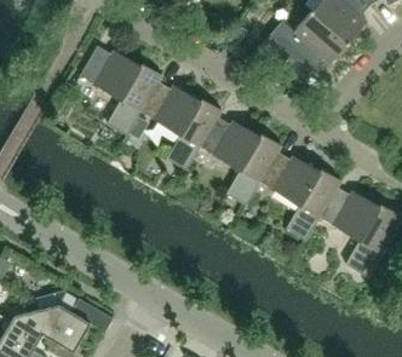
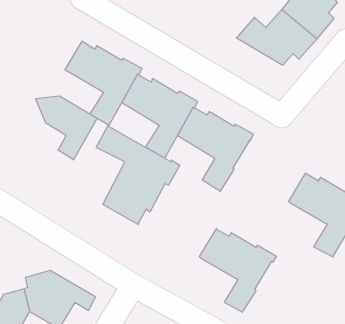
building: none -> [35,96,97,160]
building: none -> [96,126,180,224]
building: [259,151,341,241] -> [199,228,277,312]

